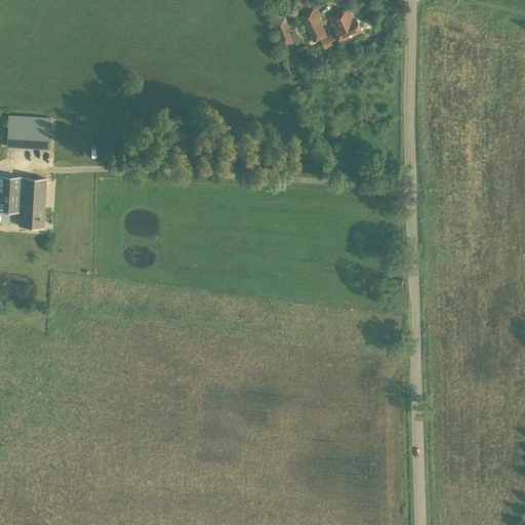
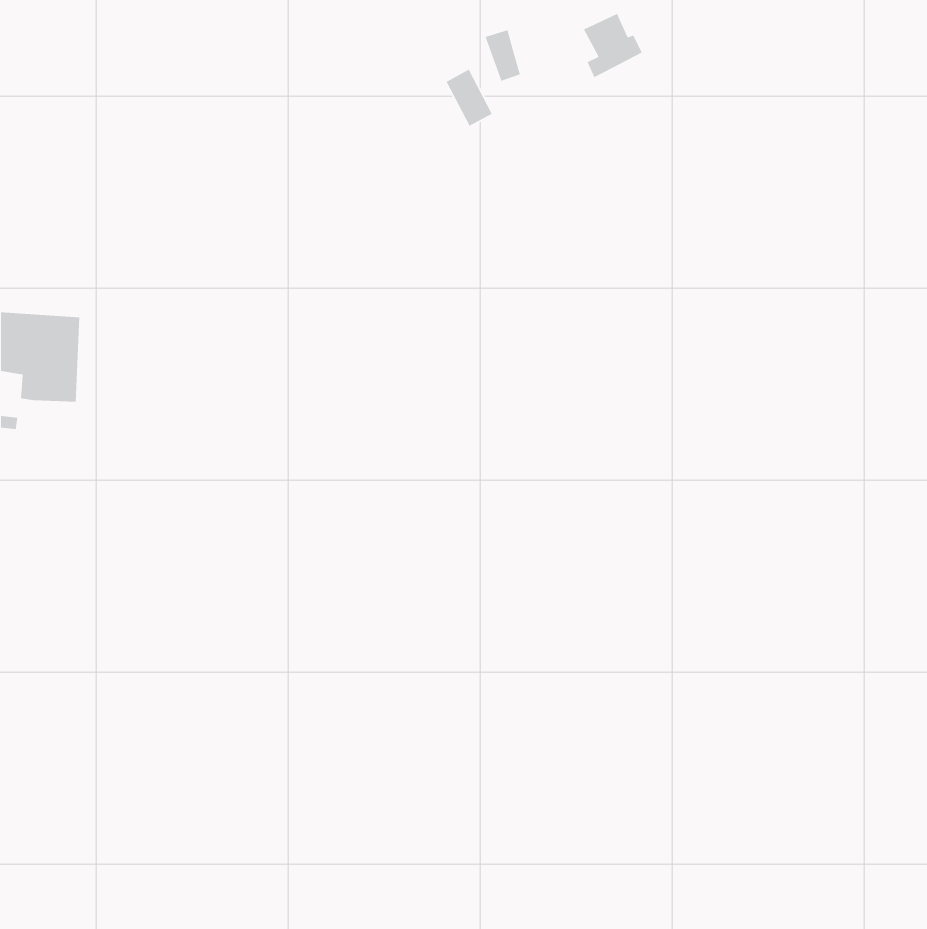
building: [302,10,329,43] -> [445,69,493,127]
building: [8,115,51,150] -> none

